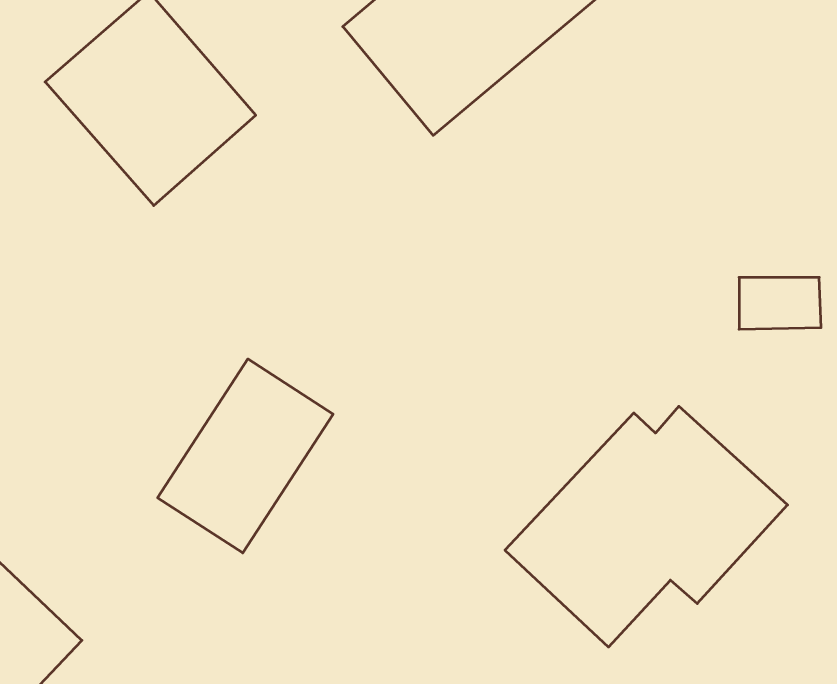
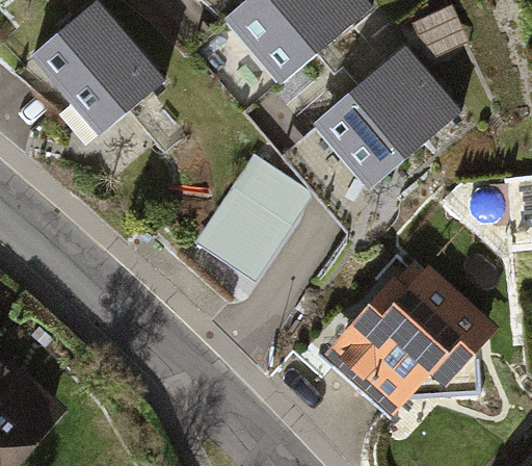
building: none -> [310,44,472,200]
building: [158,359,333,553] -> [197,156,307,277]

